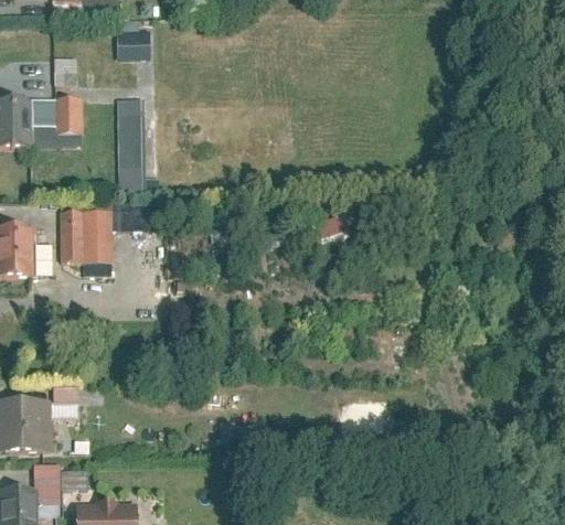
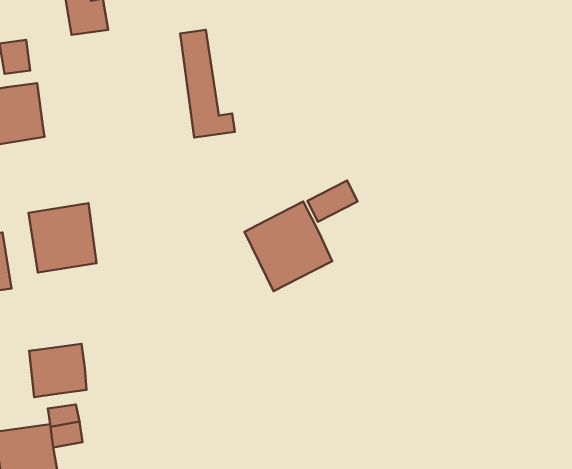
building: [118,99,154,193] -> [180,30,235,137]
building: none -> [244,201,332,291]
building: none -> [29,344,87,397]

